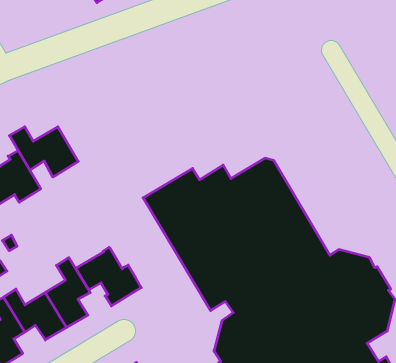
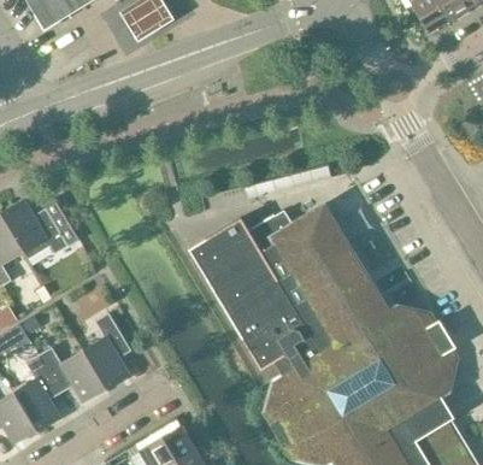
building: [9,127,78,177] -> none
building: [76,247,141,306] -> none

